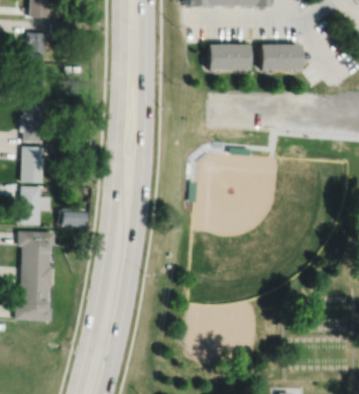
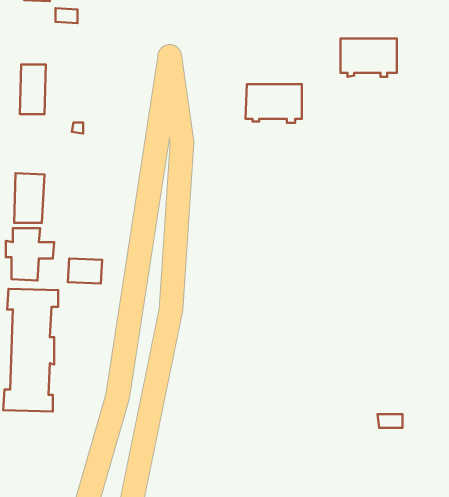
building: [27,32,46,59] -> none
building: [209,45,250,74] -> [246,84,302,123]
building: [21,105,44,142] -> none

